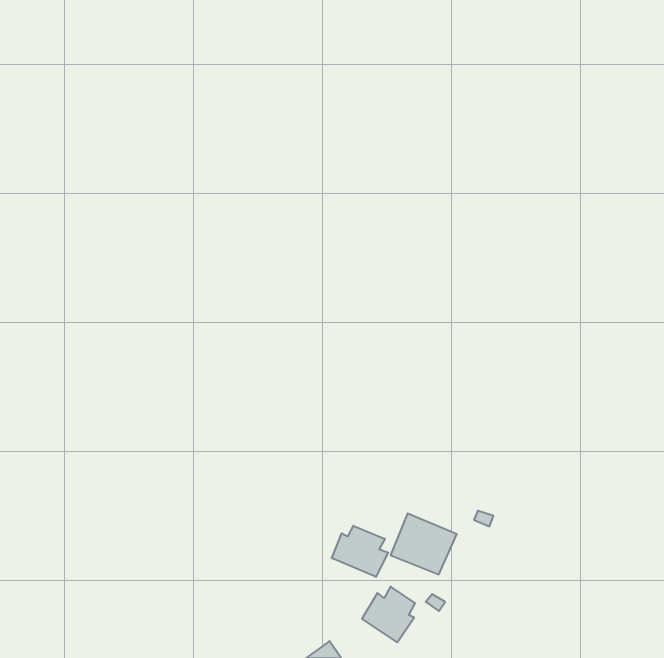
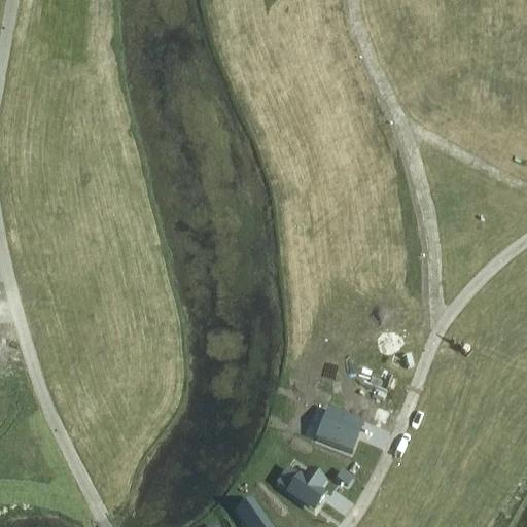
building: [332,526,388,577] -> none

